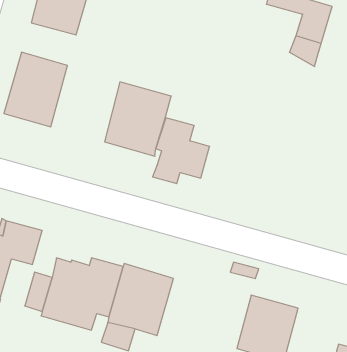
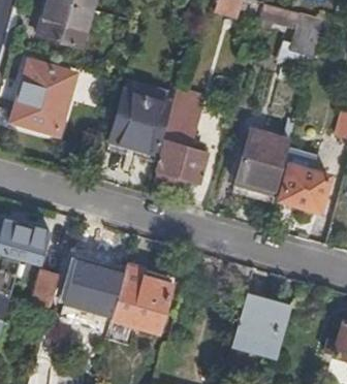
building: none -> [166,86,204,132]
building: none -> [235,130,290,194]
building: none -> [280,164,328,210]

